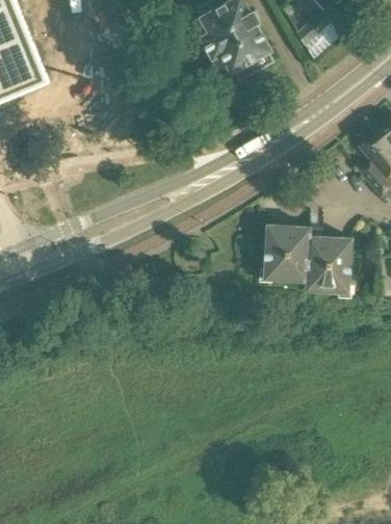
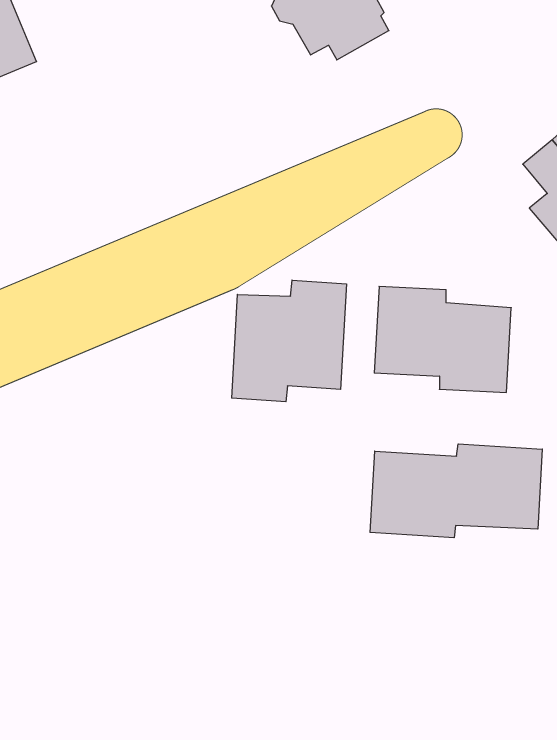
building: none -> [232,280,346,402]
building: none -> [370,444,542,538]

